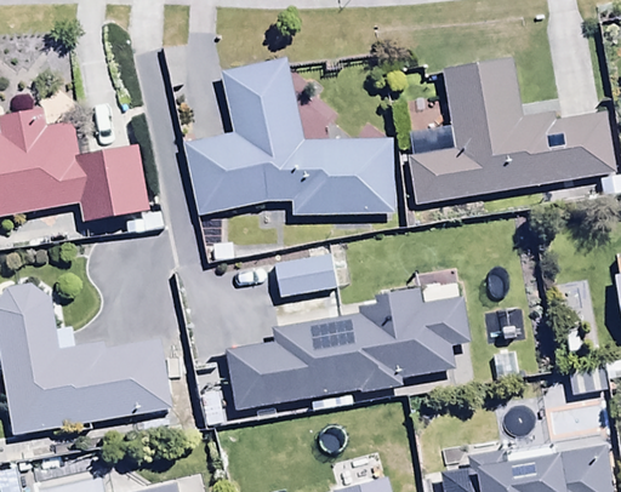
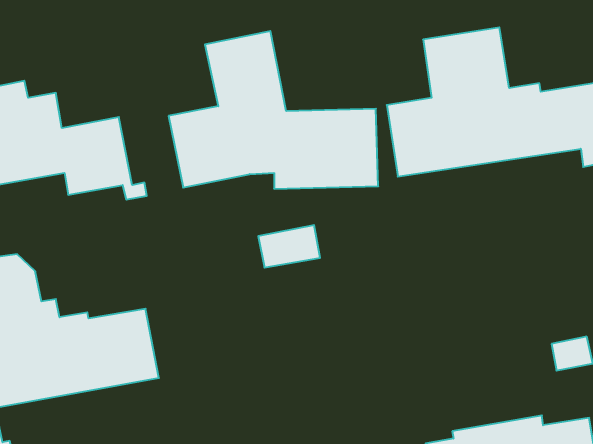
building: [227,293,469,410] -> none

